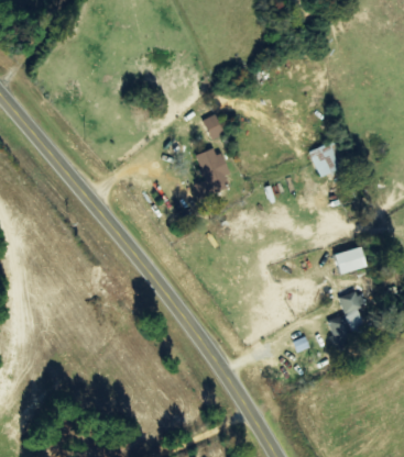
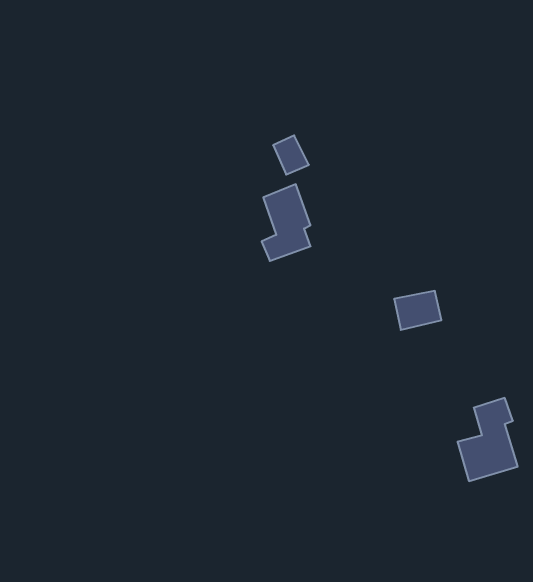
building: [308,143,341,178] -> none
building: [336,247,368,274] -> [394,291,441,330]

